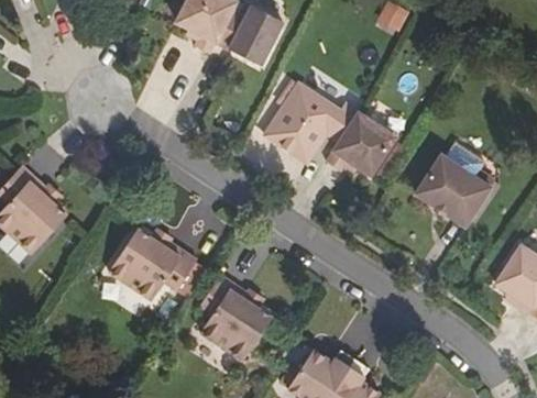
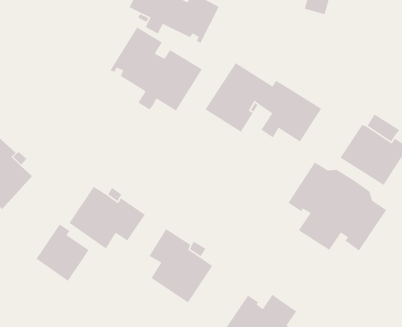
building: none -> [110,26,203,112]
building: none -> [287,162,387,252]
building: none -> [35,223,89,282]

